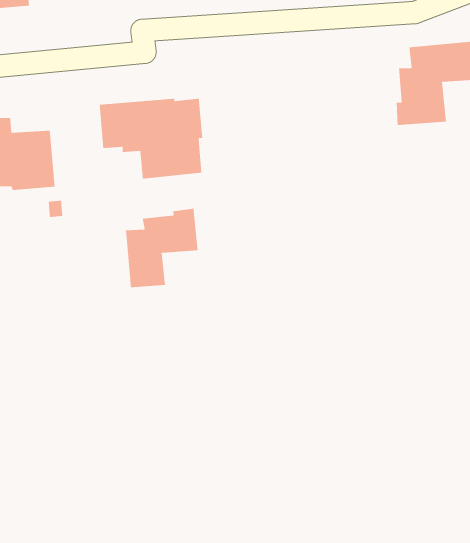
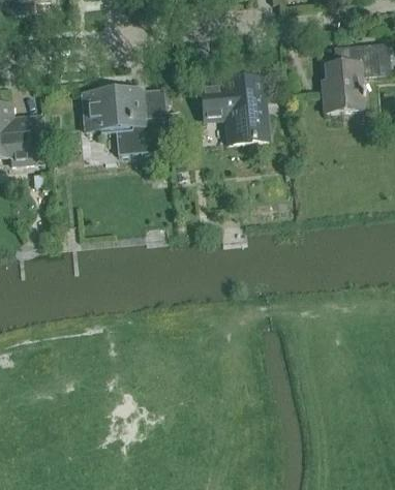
building: none -> [200,78,267,143]
building: [125,208,198,288] -> none

